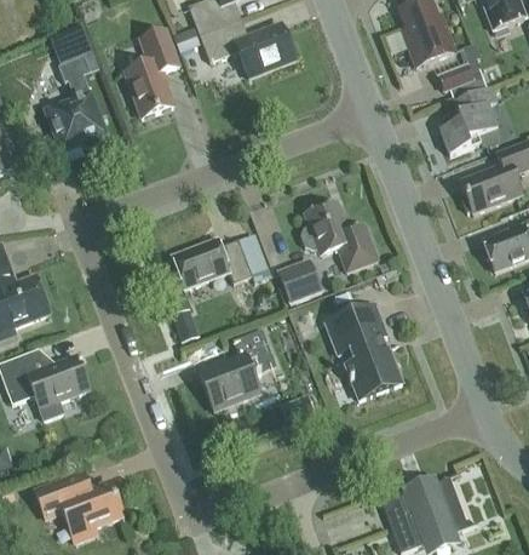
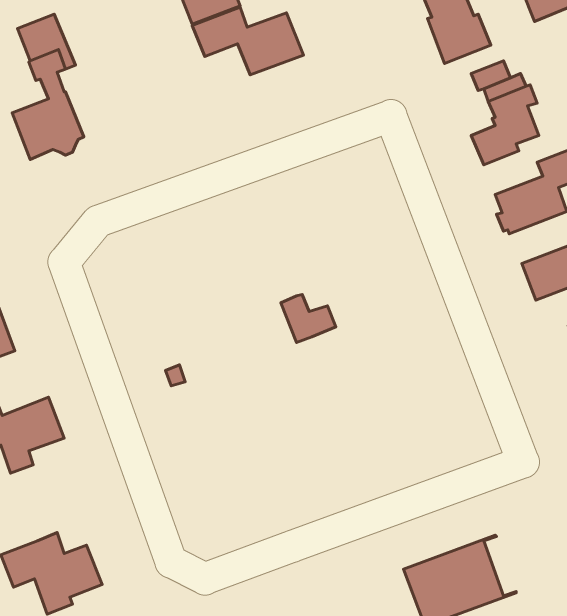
building: [125,27,179,115] -> none
building: [300,200,378,269] -> none
building: [172,236,252,287] -> none
building: [326,302,402,401] -> none
building: [199,327,276,408] -> none

